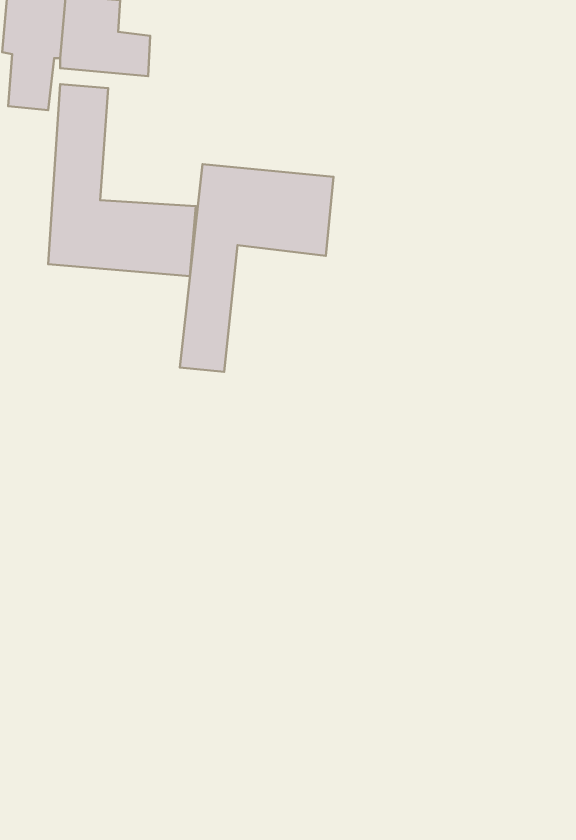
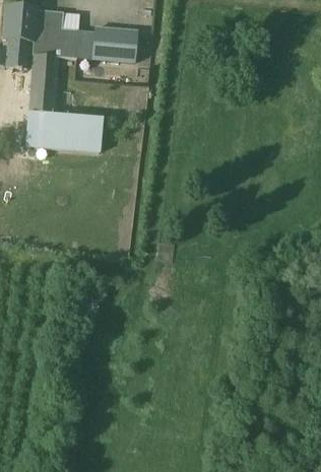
building: none -> [91,26,136,62]
building: [180,164,333,372] -> none

